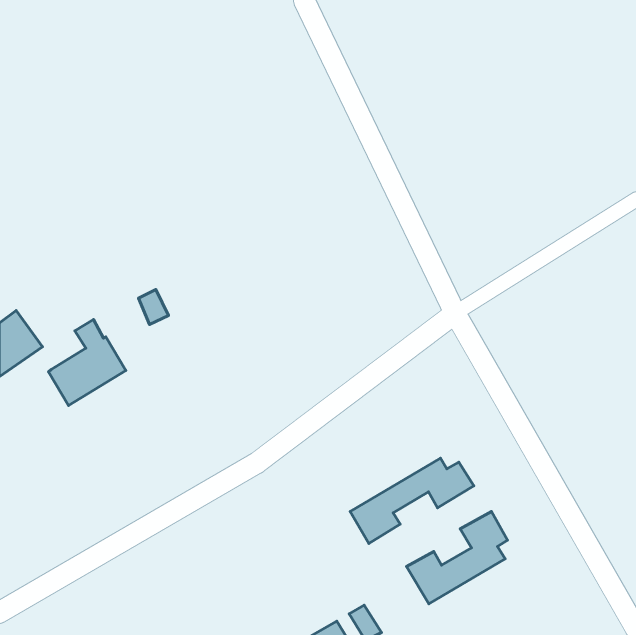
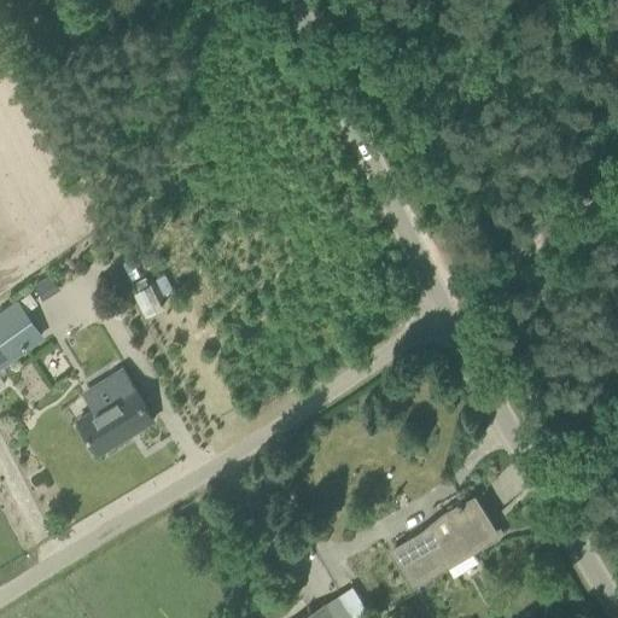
building: [49,319,126,406] -> [78,372,153,455]
building: [350,458,474,544] -> none

